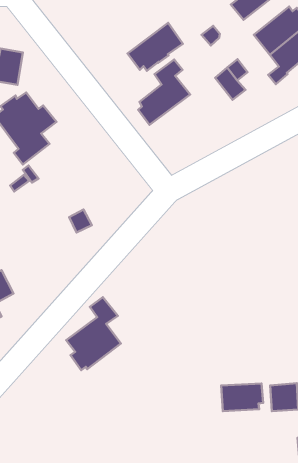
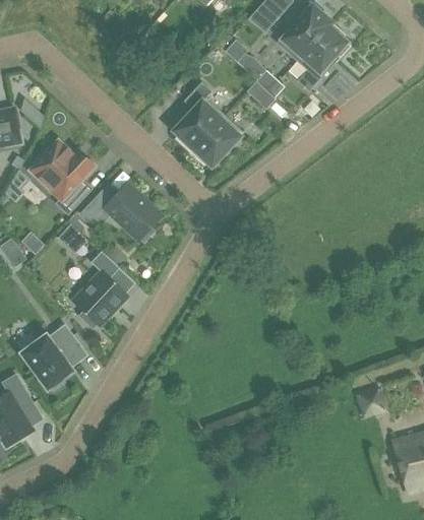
building: [128,23,183,71] -> [189,114,243,166]
building: none -> [81,182,163,240]
building: [66,297,121,370] -> [72,251,128,328]
building: [221,384,263,411] -> none

